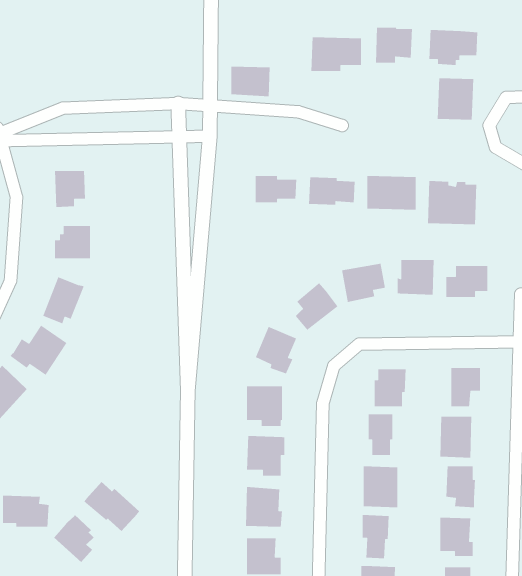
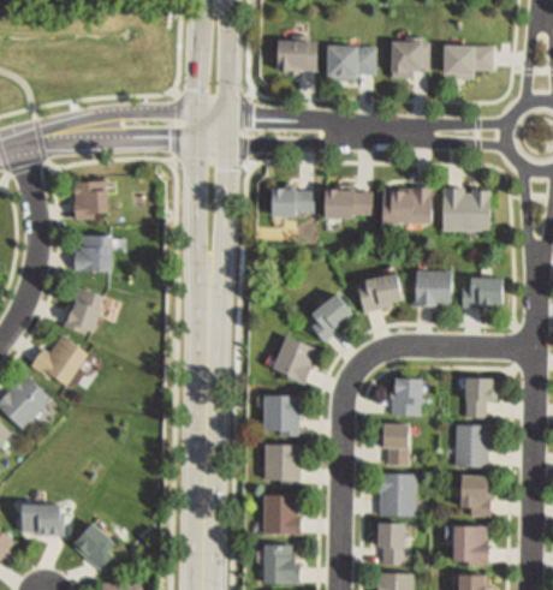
building: [230,66,271,97] -> [278,40,317,71]
building: [437,78,474,120] -> none
building: [83,481,140,532] -> none

